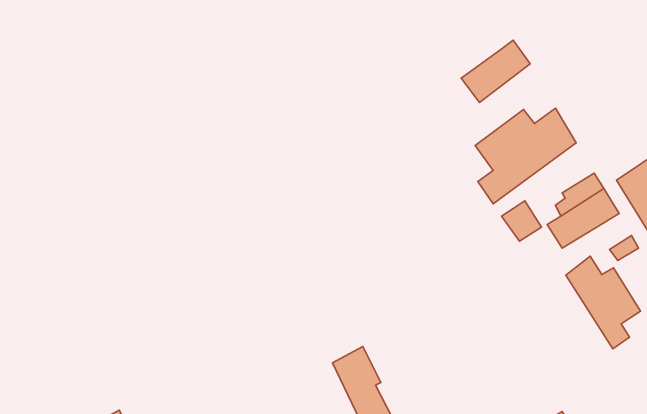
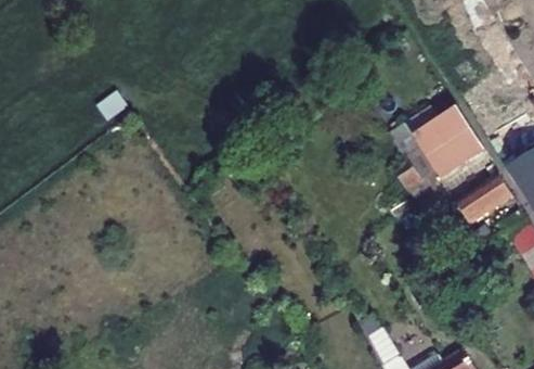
building: [461,40,530,103] -> none
building: [566,256,641,349] -> none

